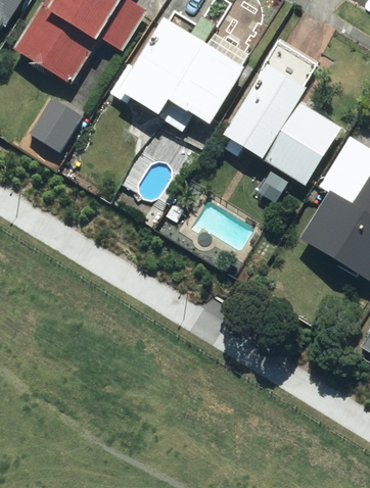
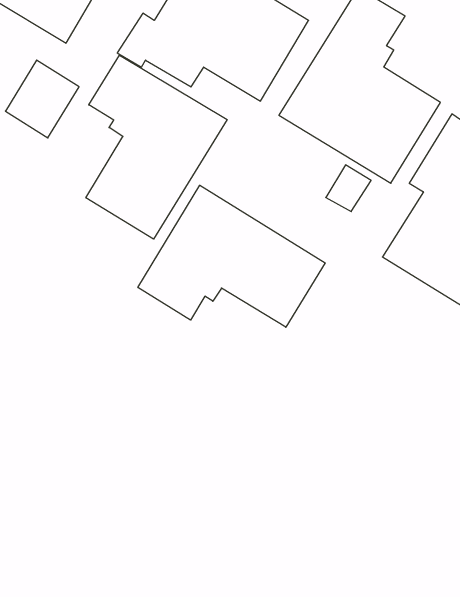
building: none -> [86,55,227,239]
building: none -> [138,185,325,327]

